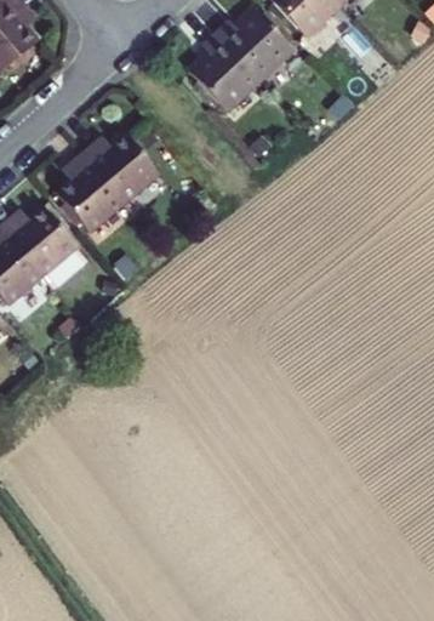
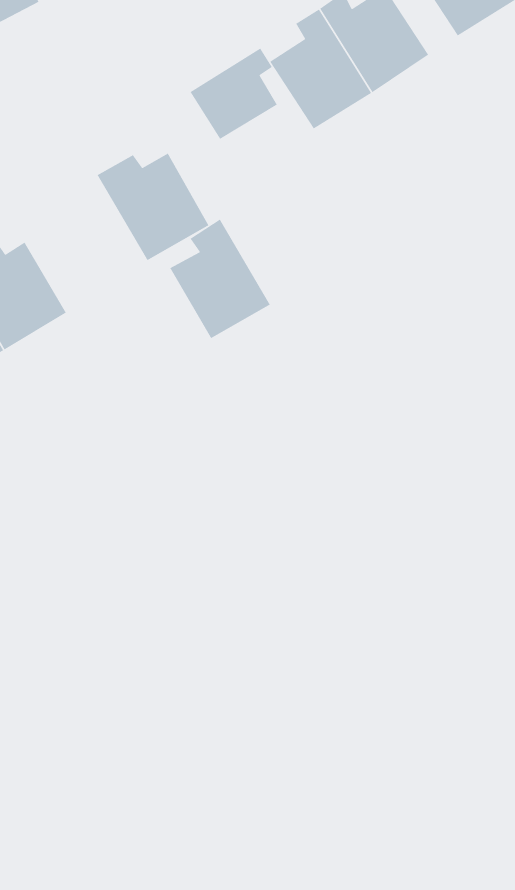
building: none -> [190,47,278,140]
building: [61,155,129,232] -> [169,219,271,339]

